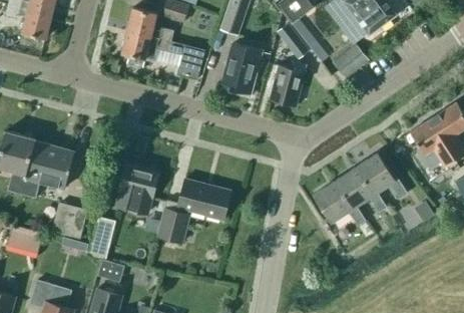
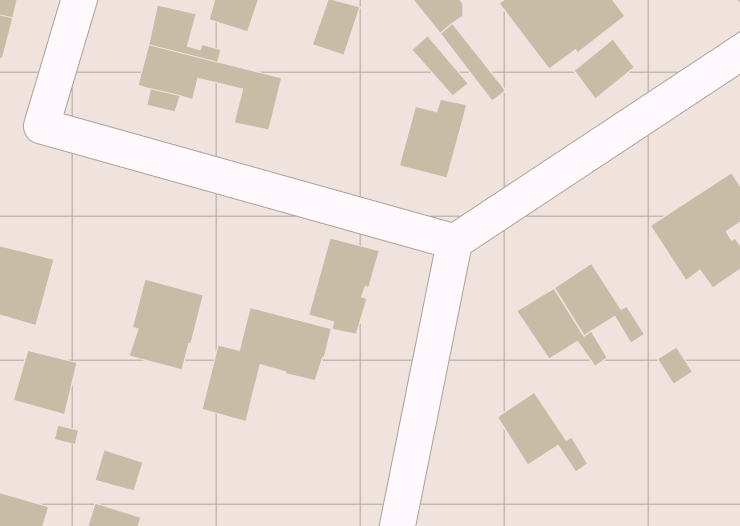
building: [221,43,262,97] -> [308,238,380,334]
building: [333,44,367,78] -> [574,39,634,99]
building: [314,181,365,226] -> [497,392,588,472]
building: [91,218,115,249] -> none

